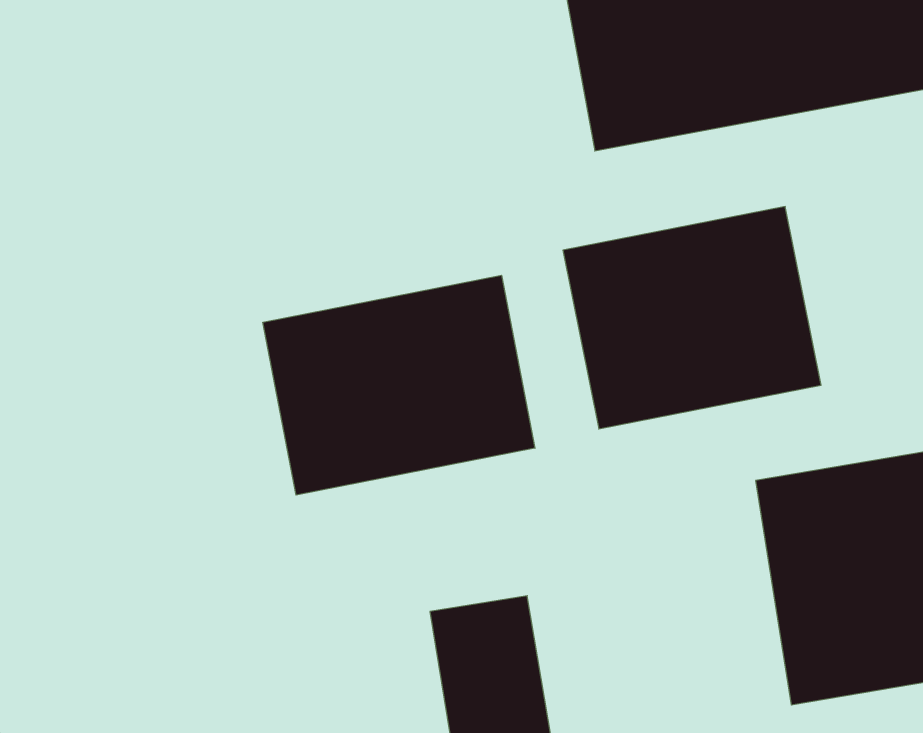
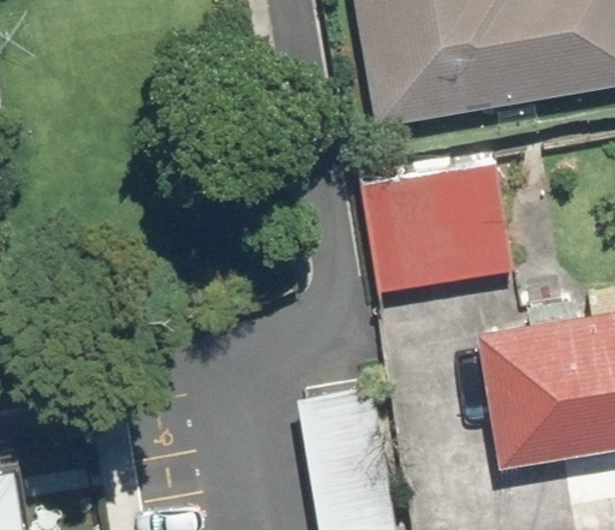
building: [263,275,535,495] -> none

